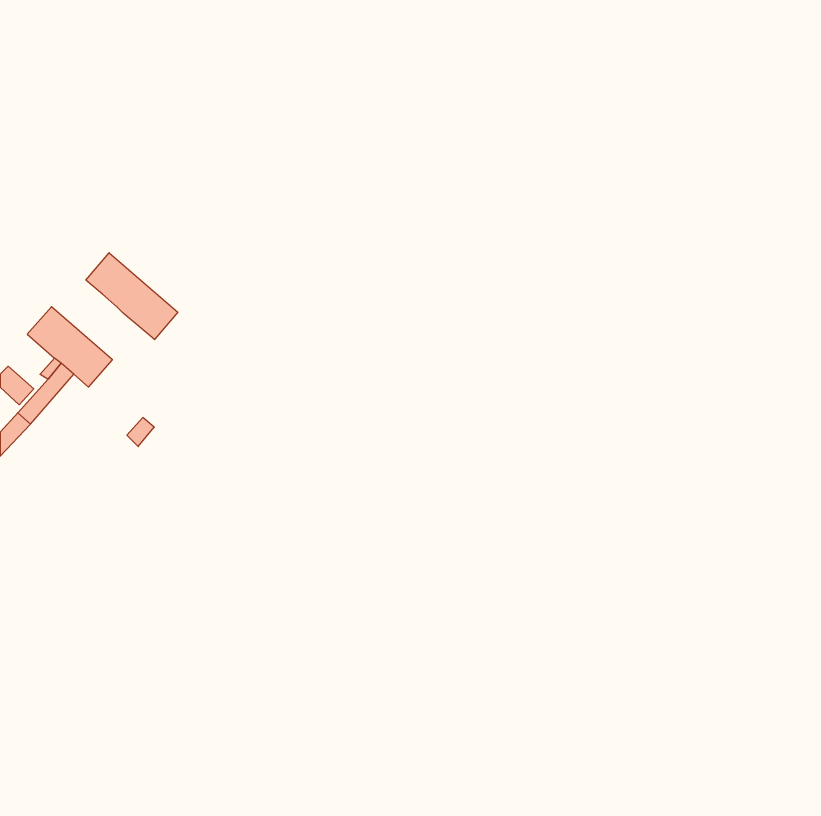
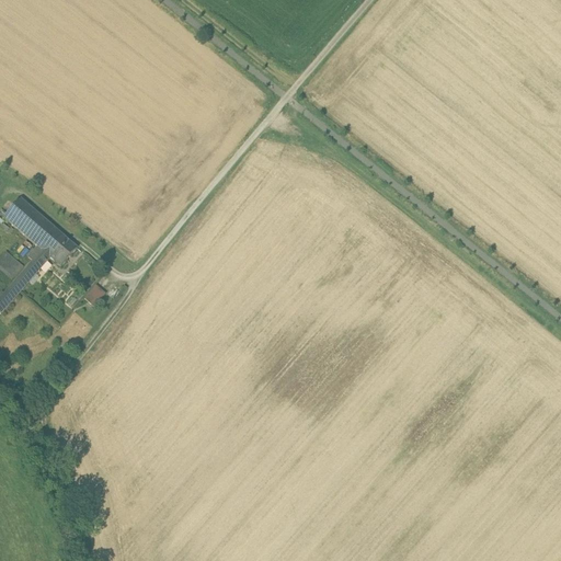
building: [86,253,178,340] -> none
building: none -> [5,197,35,228]

